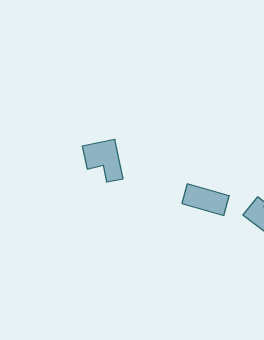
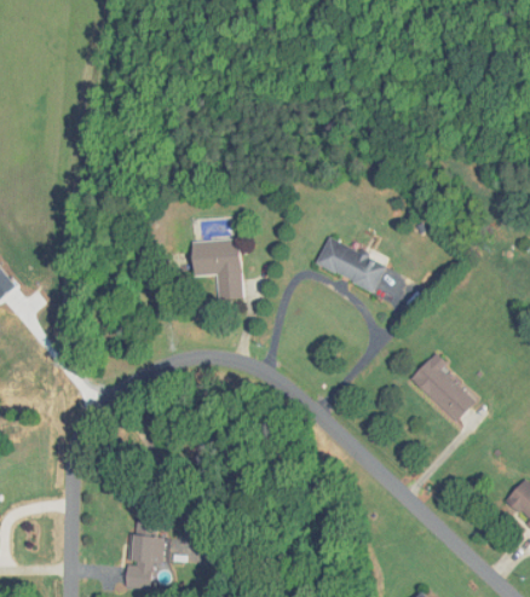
building: [182,184,229,215] -> [315,237,386,291]

